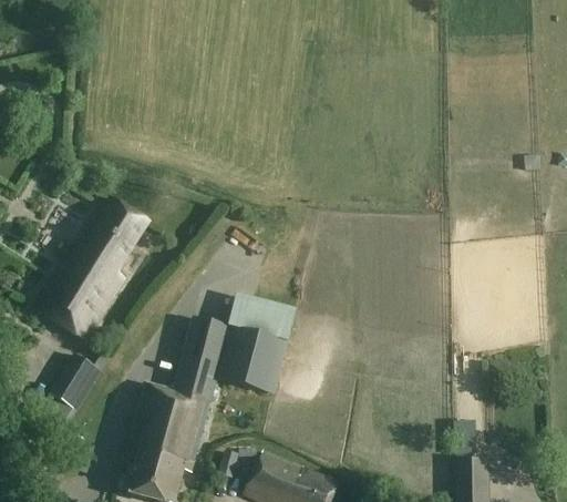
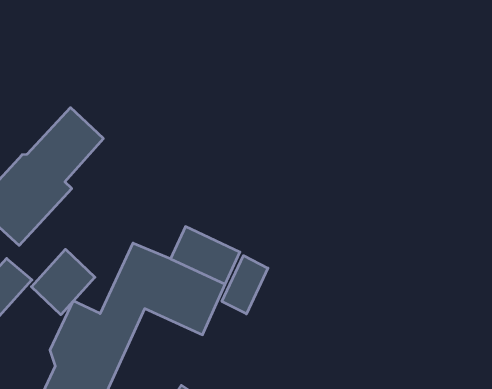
building: none -> [222,256,268,314]
building: none -> [31,249,95,315]

